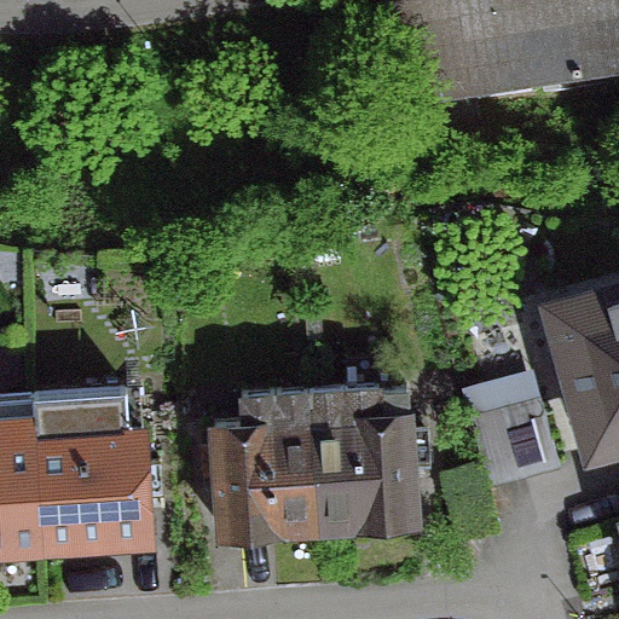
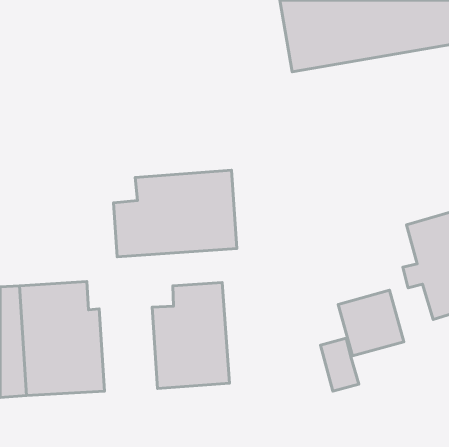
building: none -> [113,170,237,257]
building: [308,388,415,531] -> none

